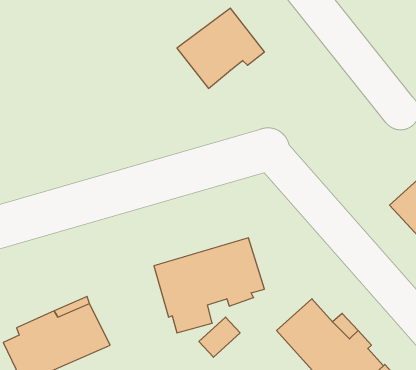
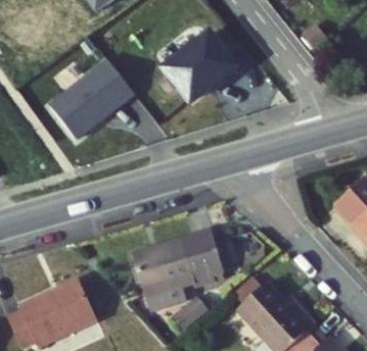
building: none -> [41,62,126,142]

